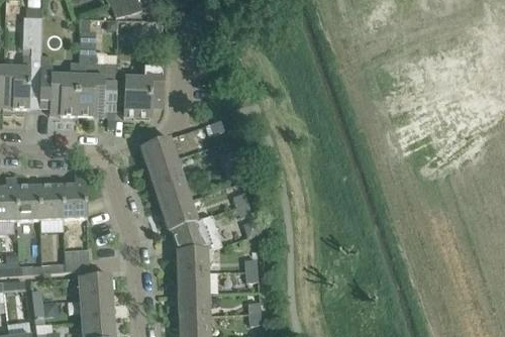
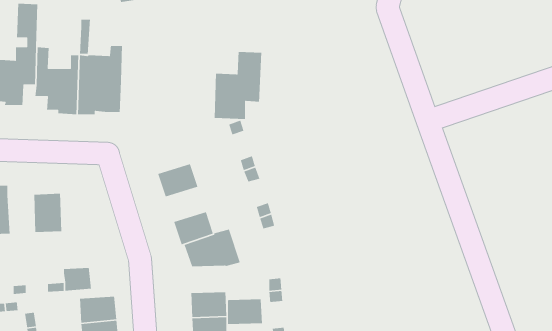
building: [123,58,166,118] -> [214,51,262,120]
building: [140,137,177,167] -> none
building: [63,175,87,219] -> none
building: [155,180,191,210] -> none
building: [16,186,39,221] -> none
building: [177,249,208,272] -> [227,299,263,325]

